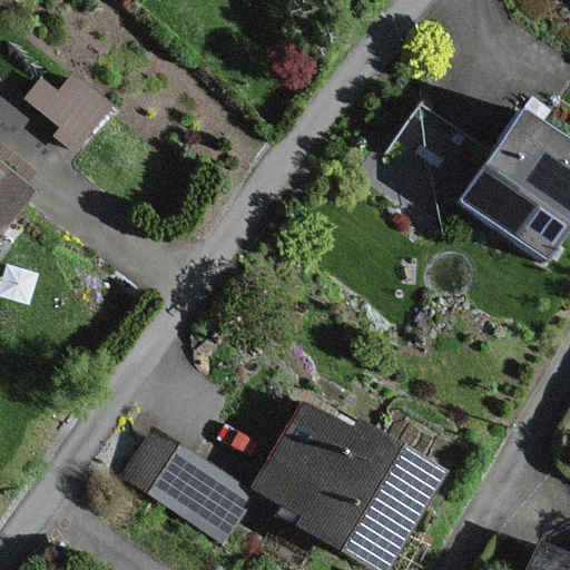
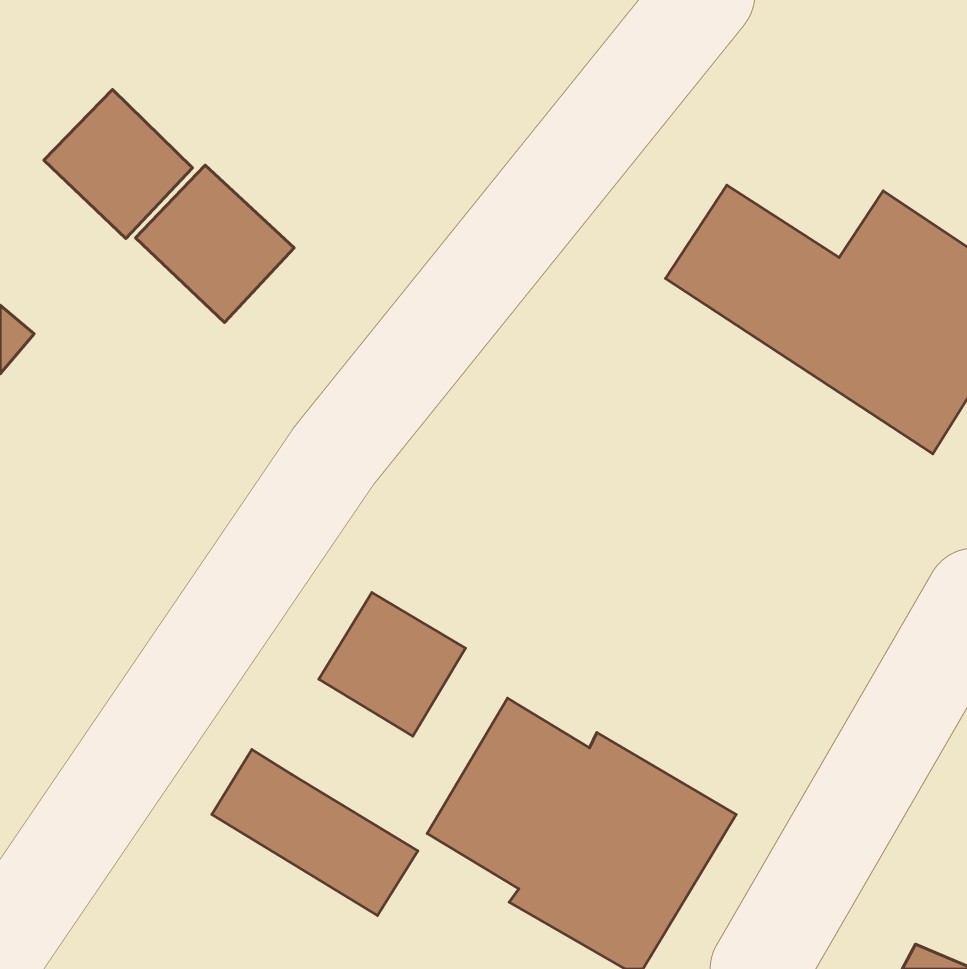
building: none -> [135,165,294,323]
building: none -> [319,593,465,736]

